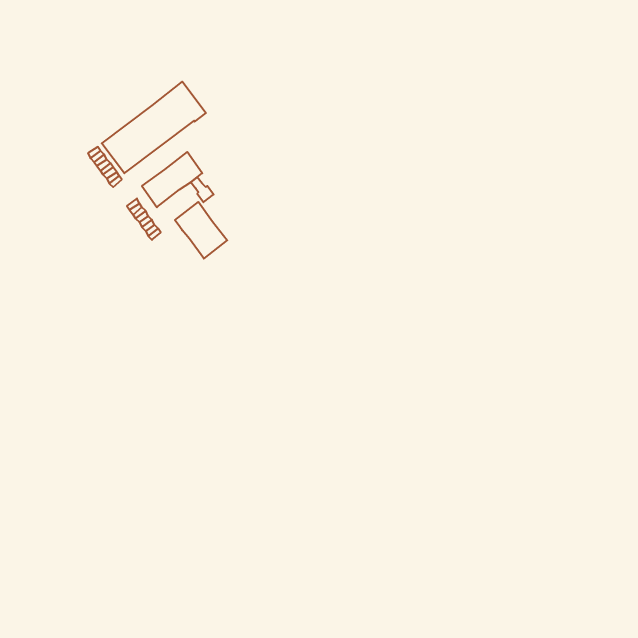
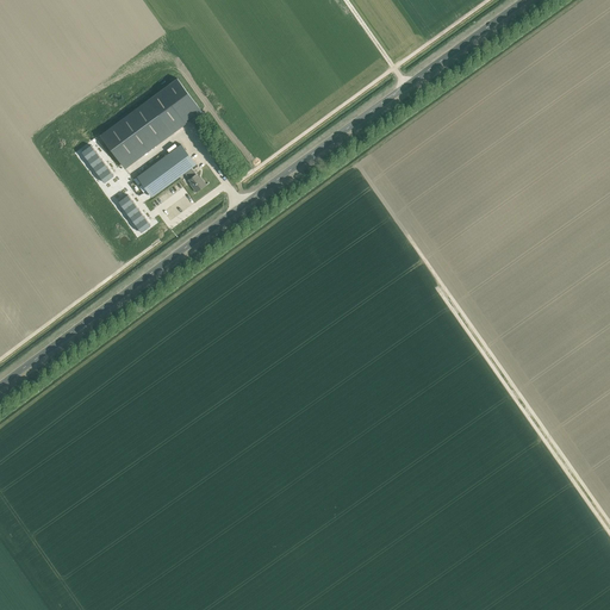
building: [175,202,227,259] -> none

